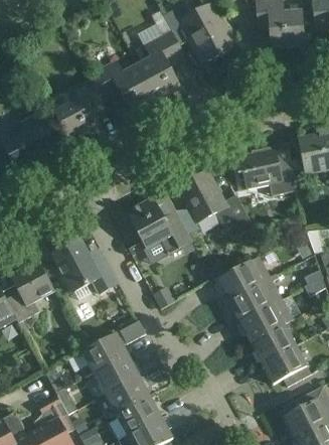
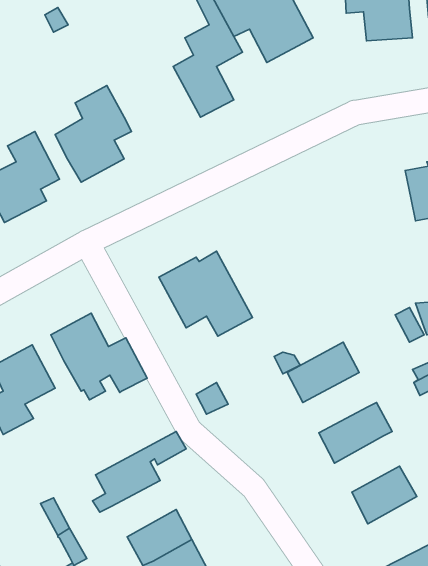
building: [89,61,156,114] -> none
building: [234,148,297,194] -> none
building: [176,169,253,235] -> none
building: [227,279,279,321] -> none
building: [250,323,295,362] -> none
building: [94,354,139,394] -> none

